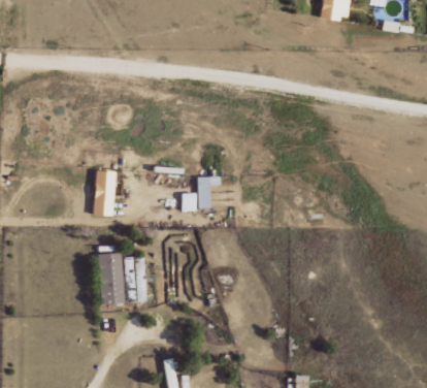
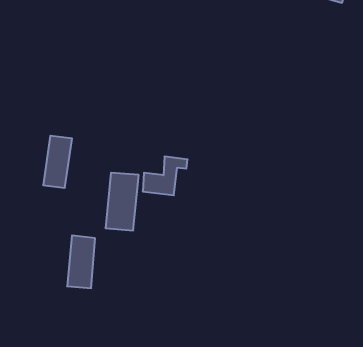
building: [98,253,124,303] -> [105,173,139,230]

